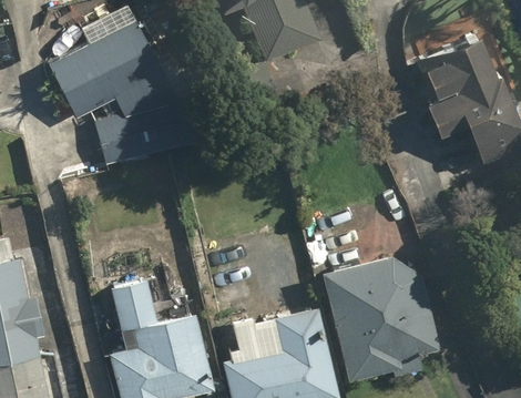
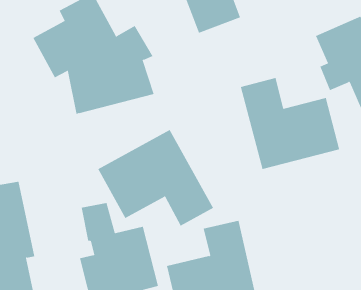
building: none -> [240,77,340,170]
building: none -> [98,129,214,226]
building: [321,252,449,385] -> none

